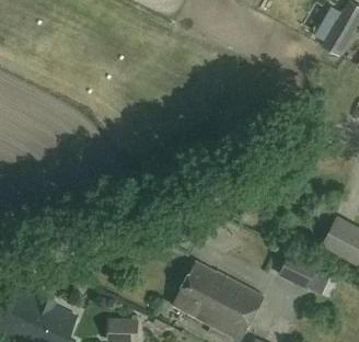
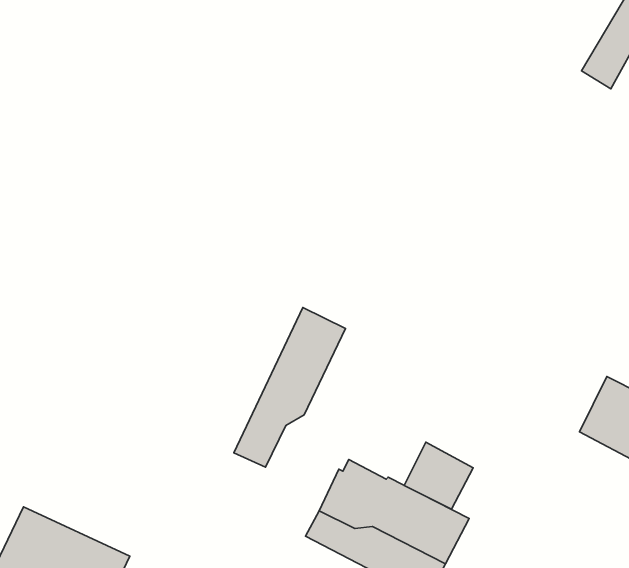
building: none -> [234,308,345,467]
building: [278,251,316,288] -> [404,442,473,509]

